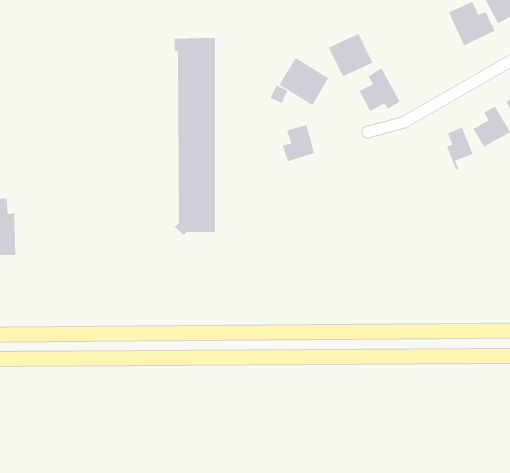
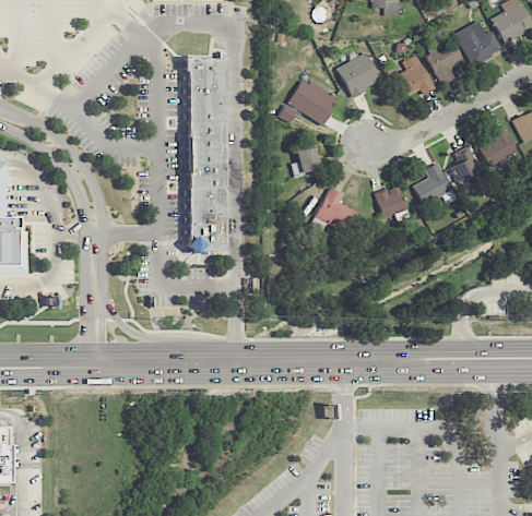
building: none -> [426,39,463,84]
building: [359,68,401,112] -> [394,53,436,97]
building: none -> [413,163,456,204]
building: none -> [375,185,407,218]
building: none -> [312,188,359,235]

